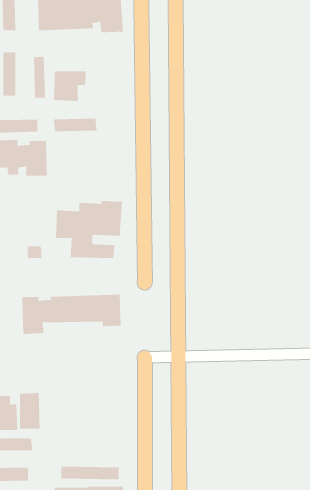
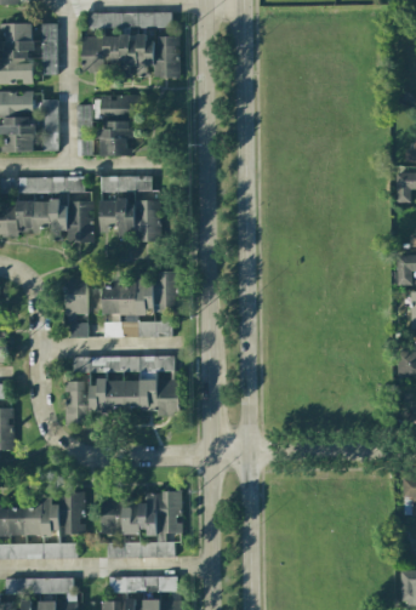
building: none -> [102,95,143,118]
building: none -> [101,199,163,241]
building: none -> [65,278,87,314]
building: none -> [74,355,175,380]
building: none -> [102,491,182,558]

